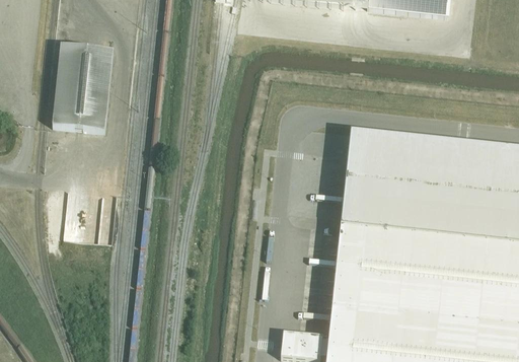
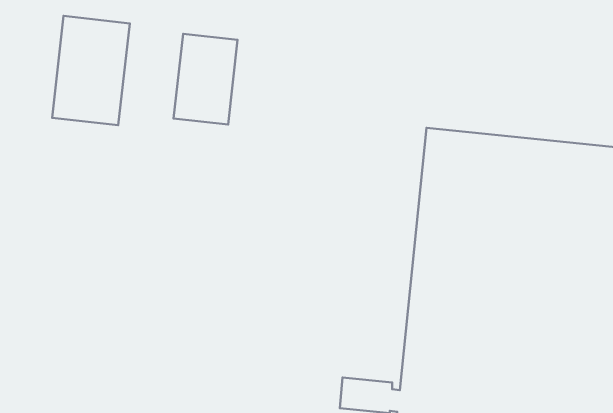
building: none -> [174,34,238,124]

